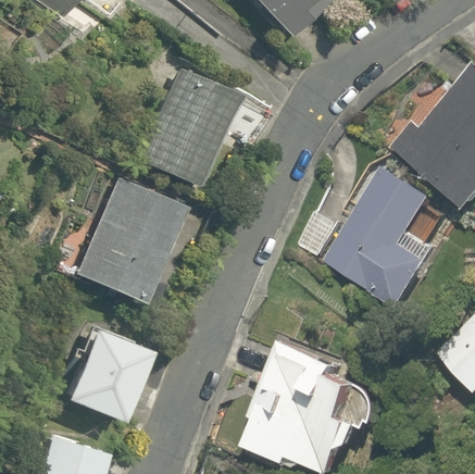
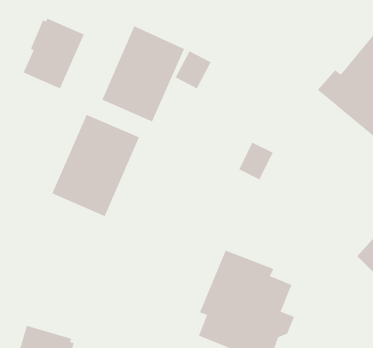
building: none -> [23,18,85,89]
building: [334,167,442,308] -> none
building: [65,327,147,419] -> none

